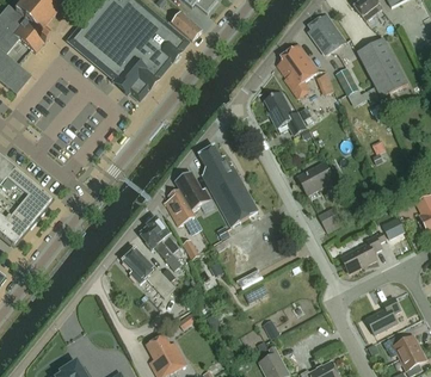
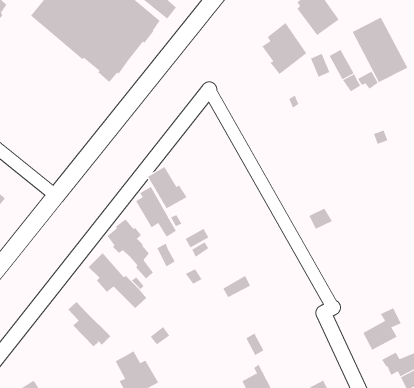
building: [265,91,307,135] -> none
building: [199,144,259,227] -> none
building: [297,161,334,194] -> none
building: [341,231,386,272] -> none
building: none -> [67,301,111,347]

